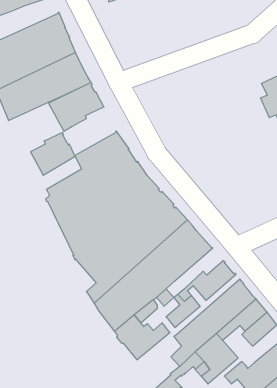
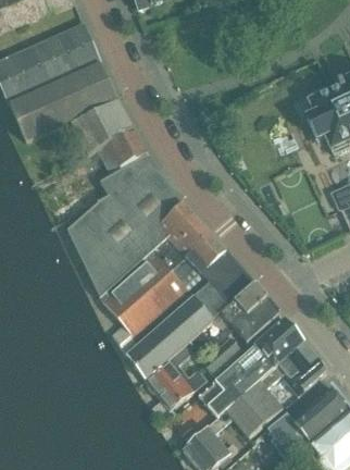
building: [31,132,75,175] -> [97,125,147,173]
building: none -> [212,283,266,329]

